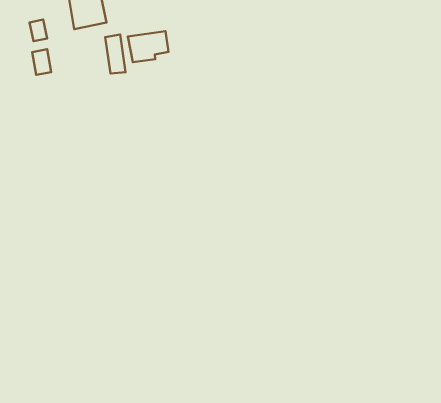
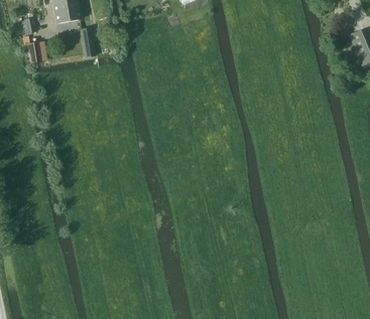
building: [128,31,169,62] -> none

